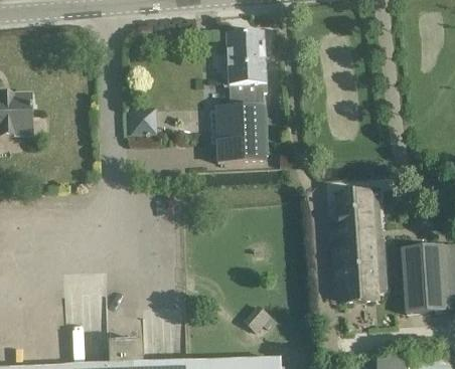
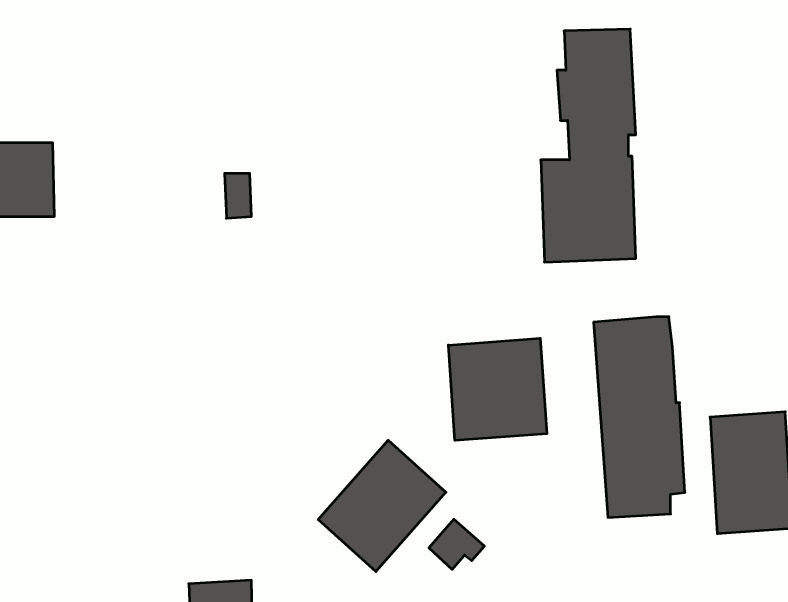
building: [213,33,267,164] -> [541,29,636,262]
building: none -> [448,338,547,440]
building: none -> [318,440,446,572]

